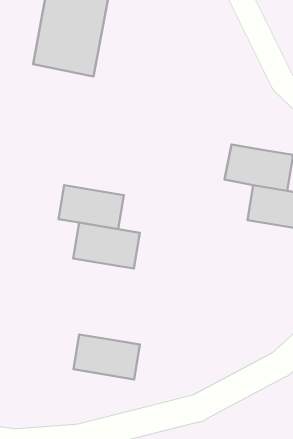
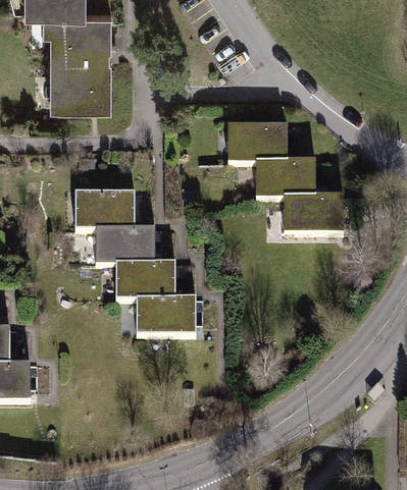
building: none -> [226,122,290,157]
building: none -> [74,187,138,225]
building: [73,334,140,379] -> [136,296,198,332]

